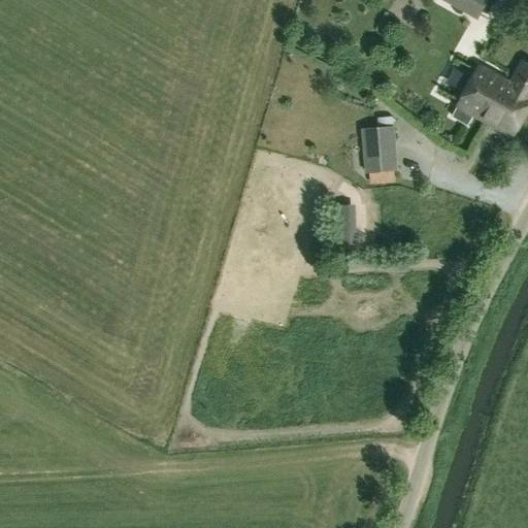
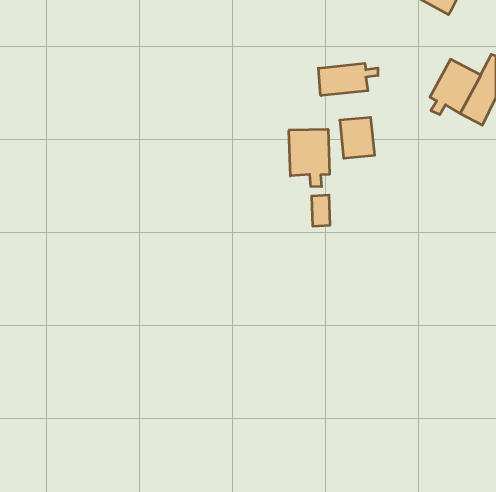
building: none -> [318,63,378,96]
building: none -> [289,129,329,187]

